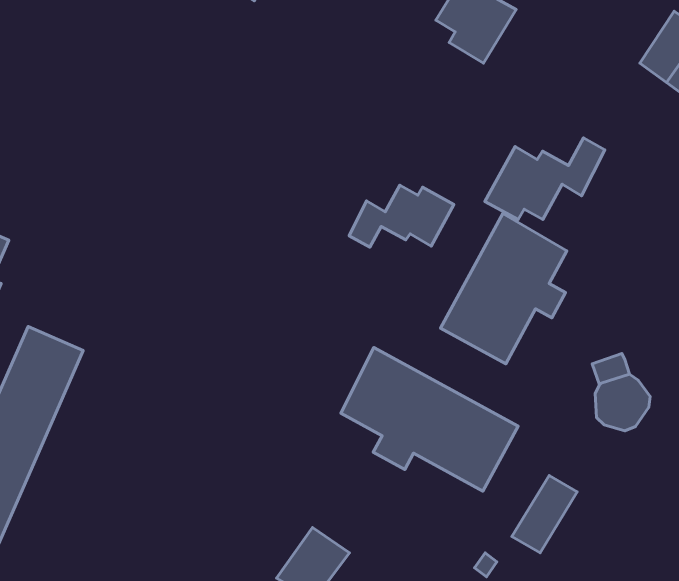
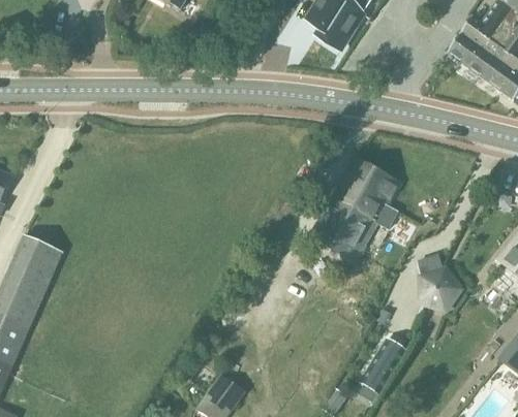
building: [485,138,605,220] -> none
building: [349,185,454,247] -> none
building: [341,347,518,491] -> none

